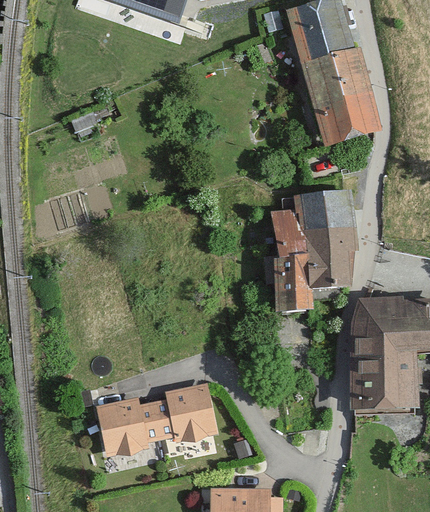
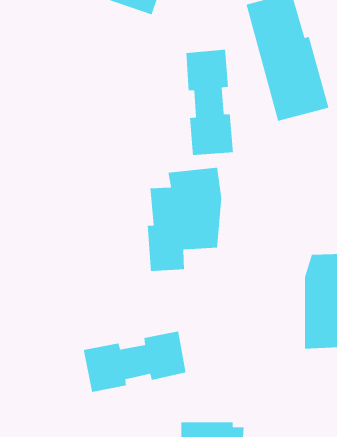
building: none -> [185,49,234,156]
building: [268,191,355,312] -> [147,167,222,272]

